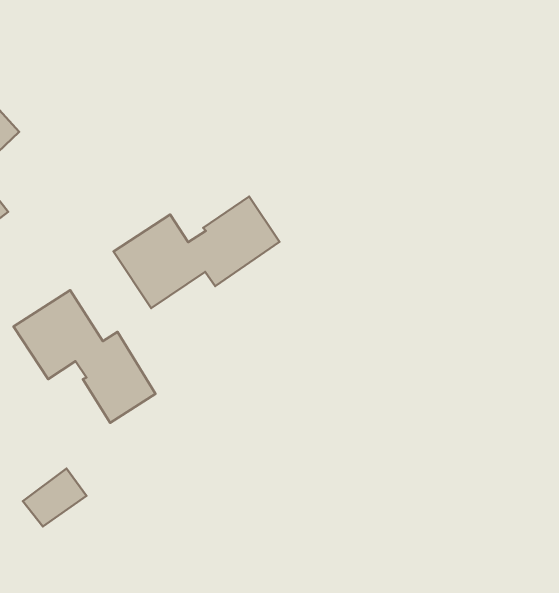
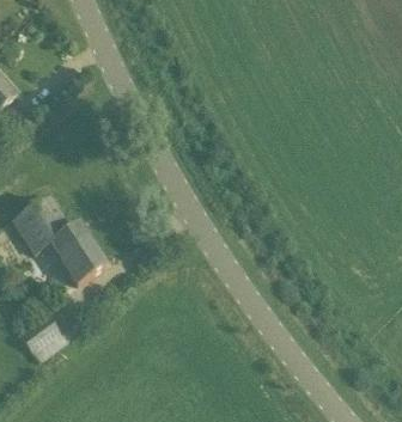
building: [113,196,279,308] -> none

